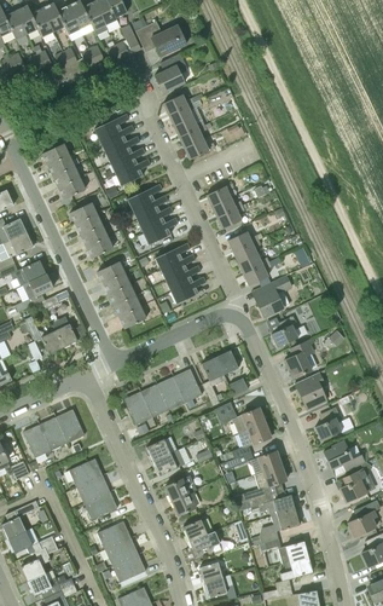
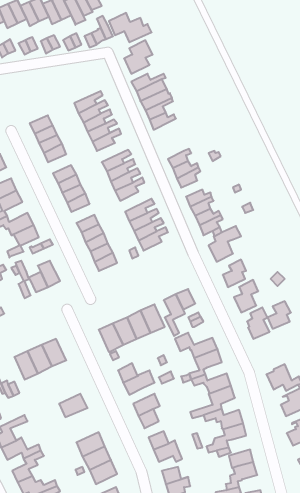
building: [314,406,342,439] -> [267,301,291,329]
building: [69,457,101,486] -> none
building: [83,491,117,519] -> none

